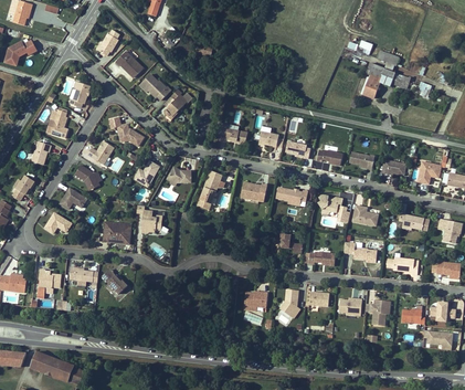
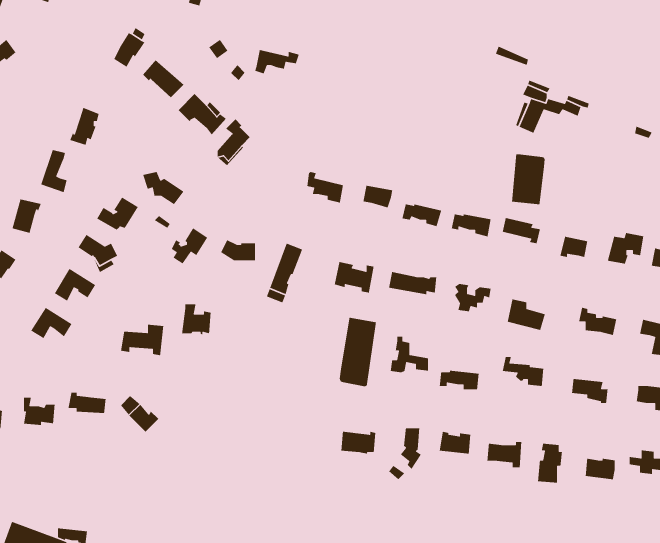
building: none -> [511,153,545,205]
building: none -> [339,317,377,387]

